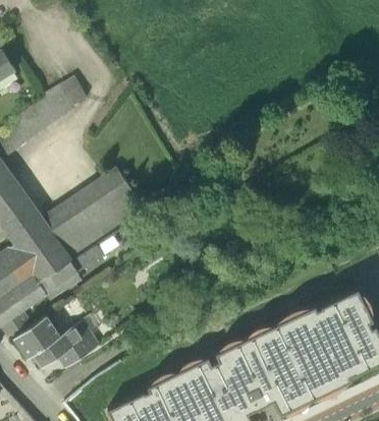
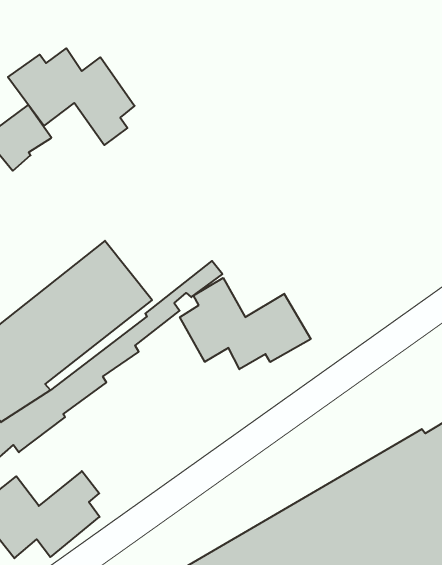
building: none -> [8,48,135,145]
building: none -> [180,278,311,369]

